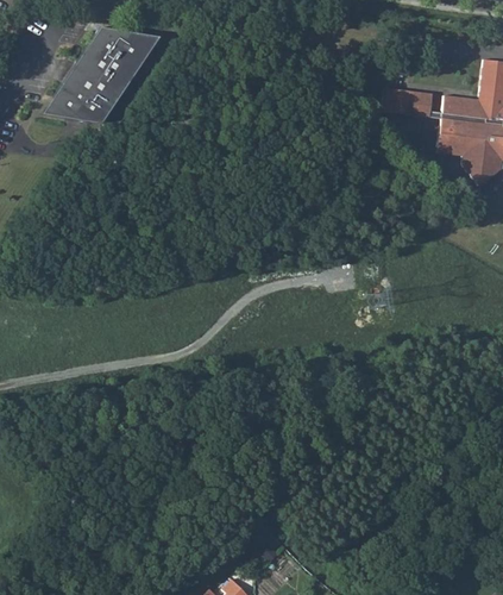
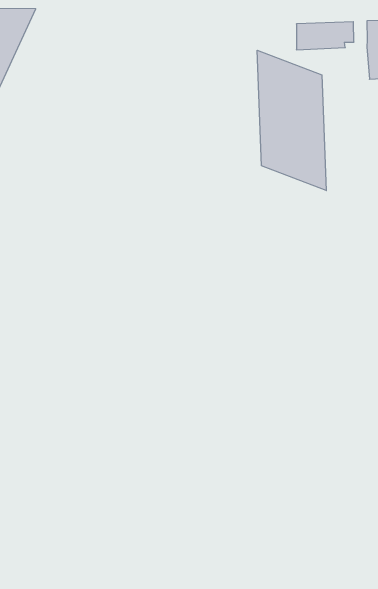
building: none -> [257,50,326,191]

